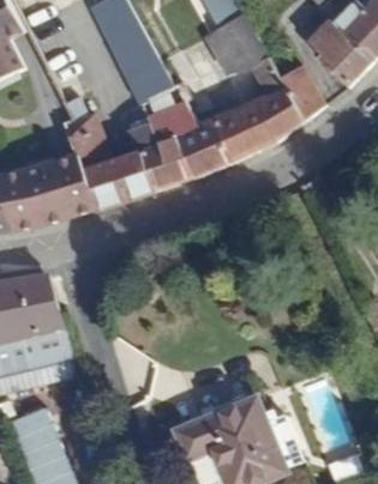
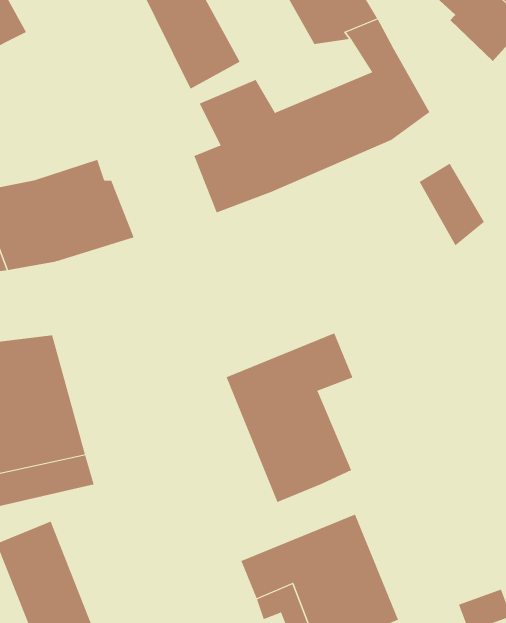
building: [281,62,326,120] -> [419,163,485,246]
building: [64,109,161,206] -> none
building: none -> [226,332,353,503]

